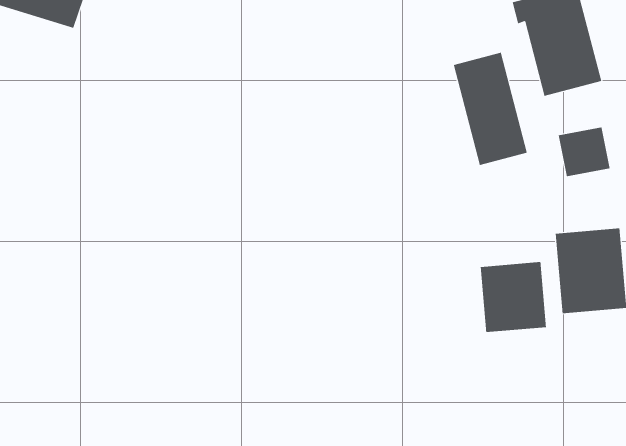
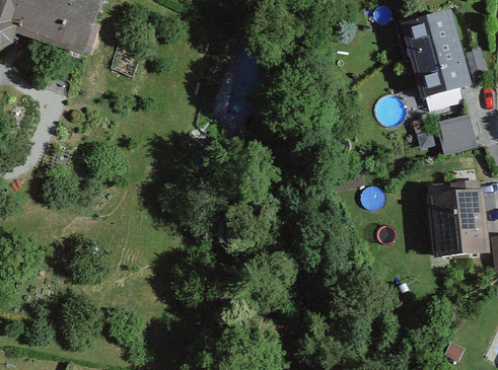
building: [453,52,528,166] -> none
building: [480,261,547,333] -> none

